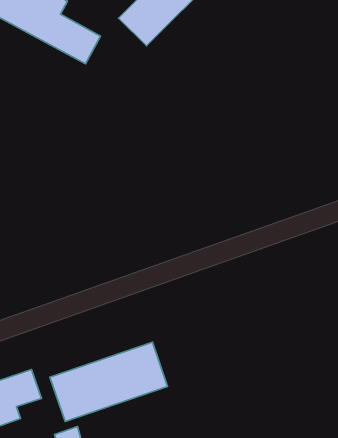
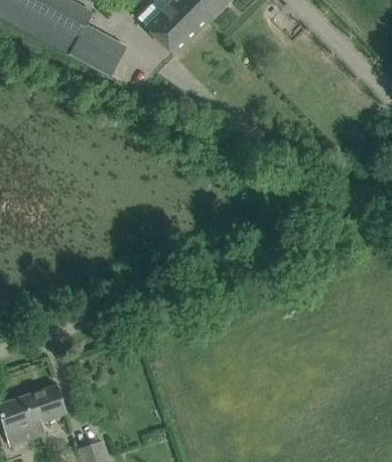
building: [50,342,168,421] -> none

